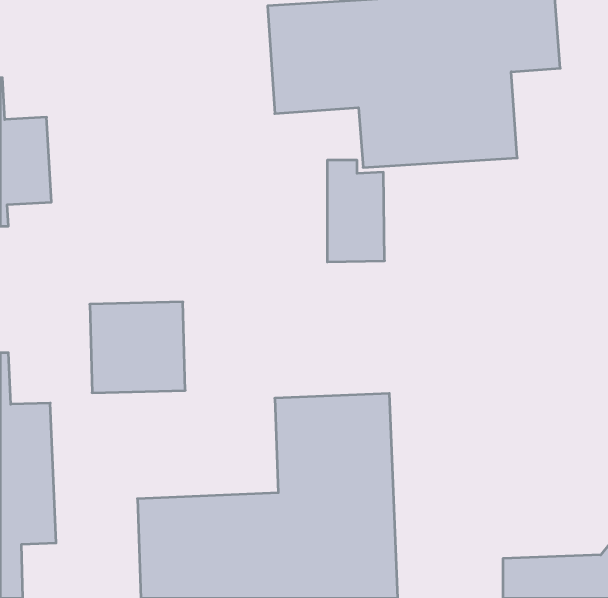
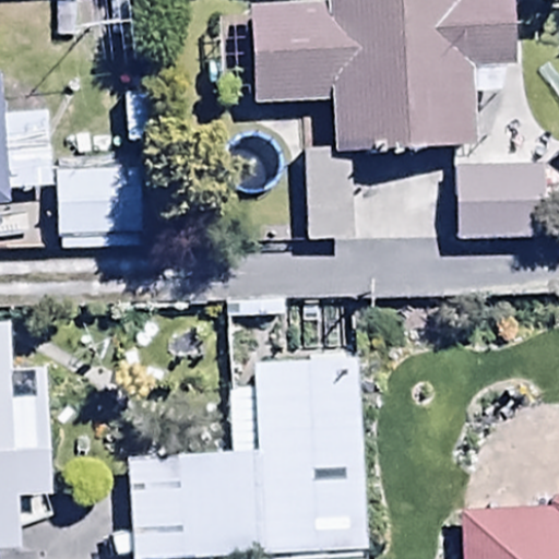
building: none -> [452,164,548,238]
building: [90,302,185,393] -> [55,165,142,248]

